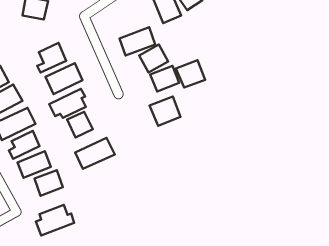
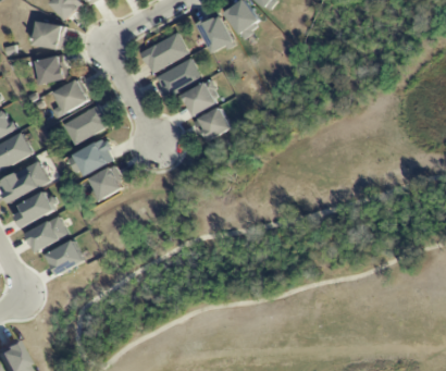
building: none -> [140,32,188,72]
building: none -> [36,55,64,83]
building: [176,60,205,87] -> none
building: [150,96,181,126] -> none
building: [75,138,115,169] -> none
building: [36,205,74,235] -> none

